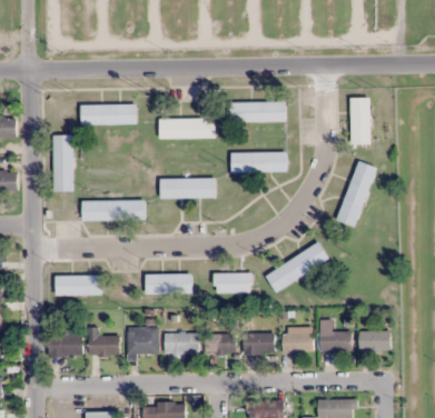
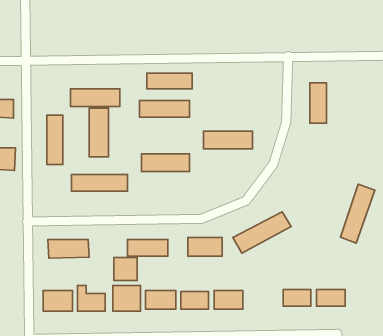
building: [234,102,285,120] -> [147,73,192,89]
building: none -> [89,108,108,157]
building: [337,160,376,227] -> [340,184,375,243]
building: none -> [114,257,137,280]
building: [283,334,314,352] -> none

